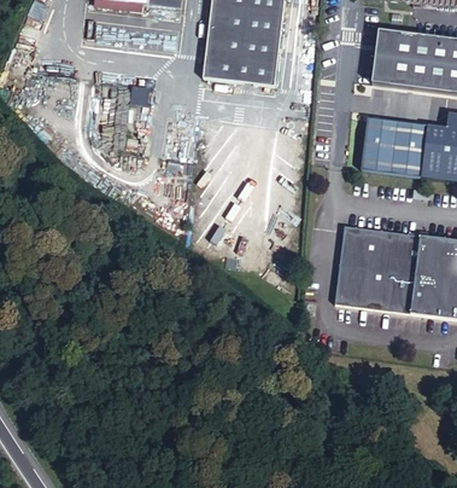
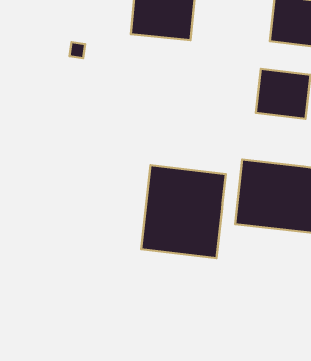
building: none -> [141,165,226,258]

